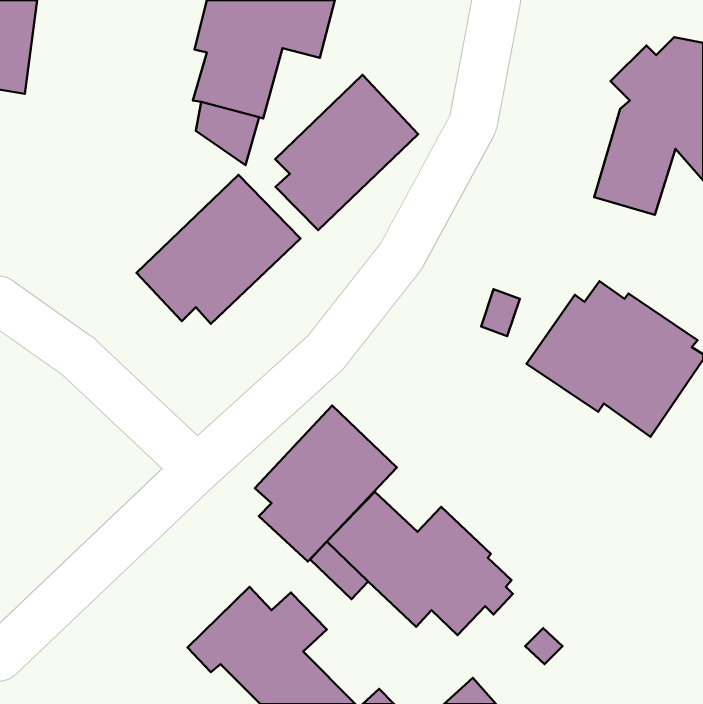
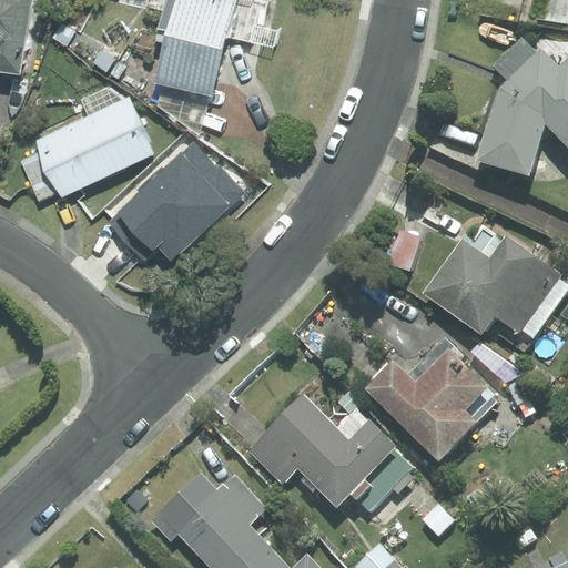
building: [275,75,418,230] -> none
building: none -> [22,87,152,199]
building: [255,405,397,561] -> none
building: none -> [363,352,497,462]

